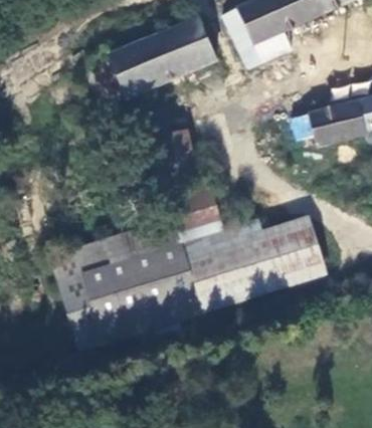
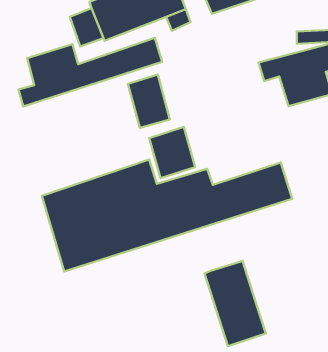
building: none -> [18,38,162,107]
building: none -> [204,261,266,346]

